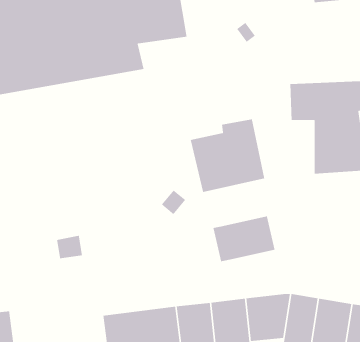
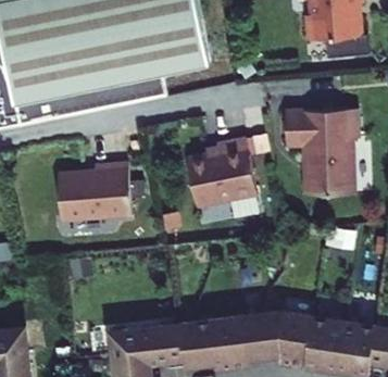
building: none -> [61,169,137,228]
building: [213,216,275,262] -> none

